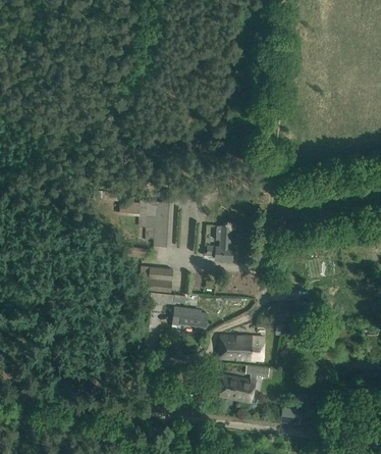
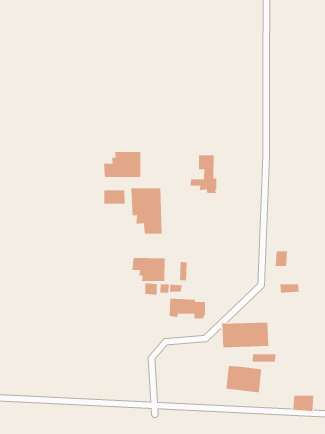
building: none -> [103,151,141,178]
building: [206,224,232,262] -> [190,155,217,194]

